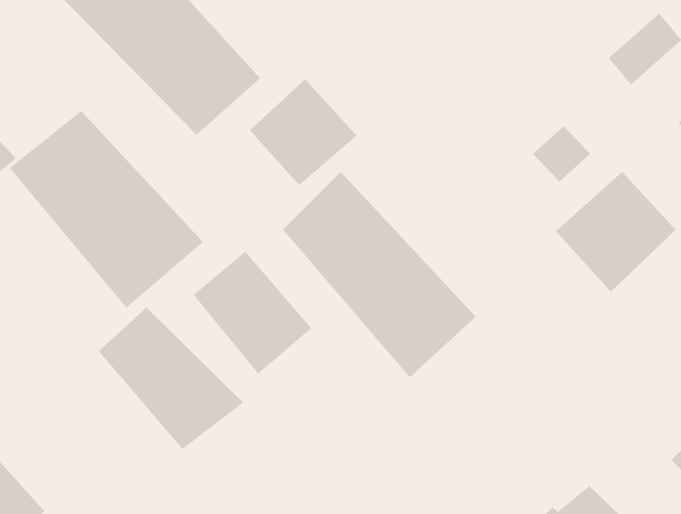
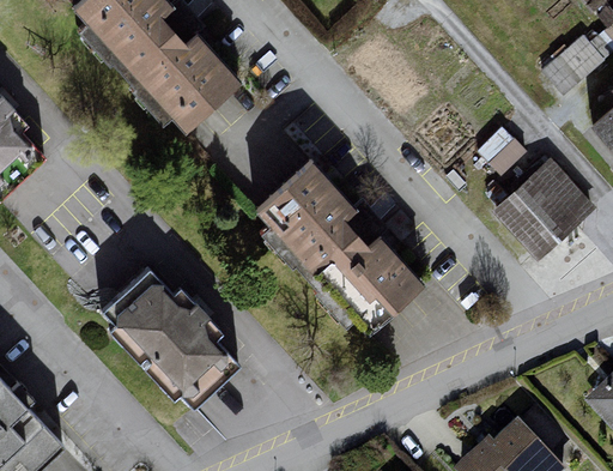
building: [249,79,357,186] -> none
building: [9,110,204,308] -> none
building: [193,251,312,374] -> none

